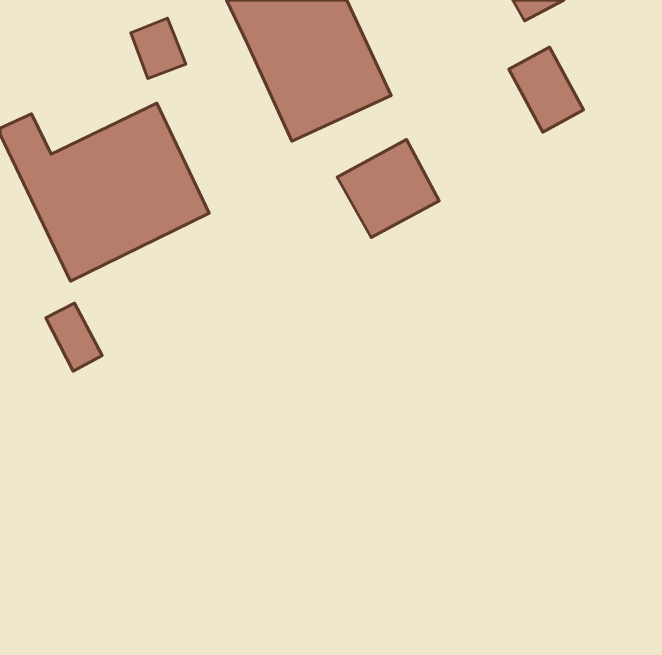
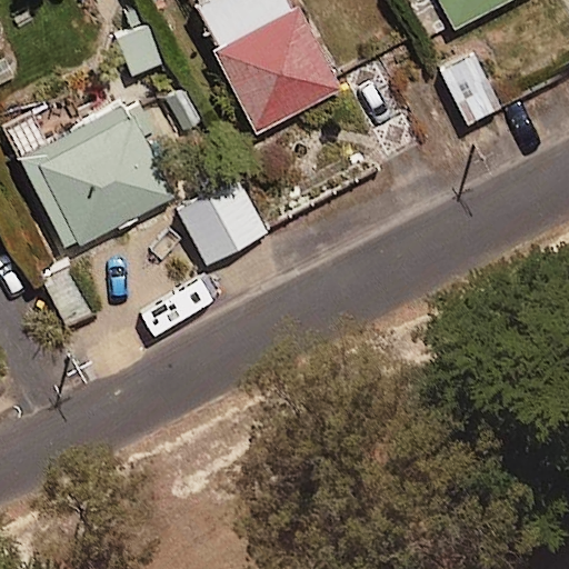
building: [337,139,439,237] -> [180,180,267,263]

